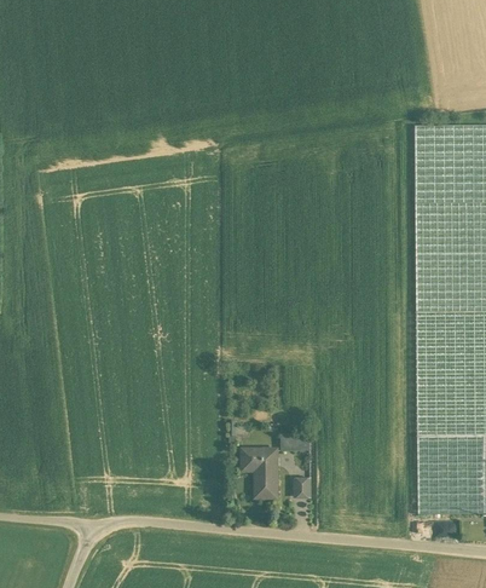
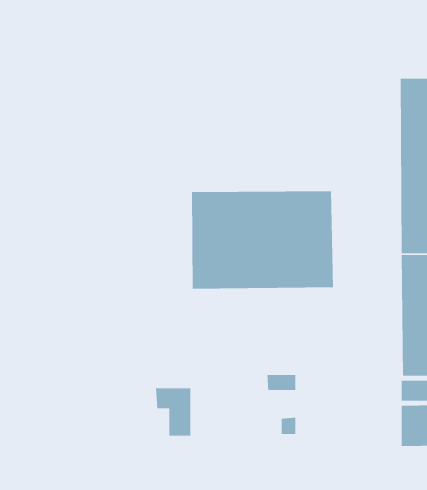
building: none -> [191,191,334,290]
building: [241,448,277,497] -> [155,388,191,436]

